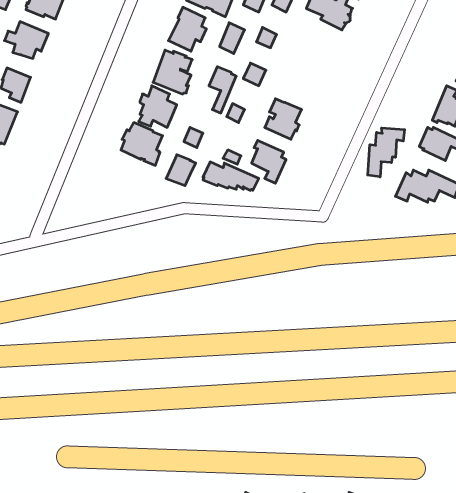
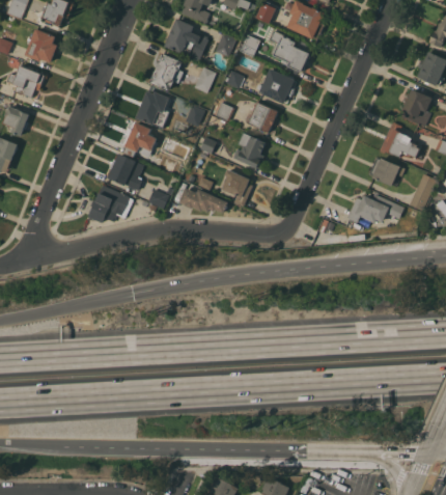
building: none -> [258,68,295,104]
building: none -> [248,100,278,133]
building: [368,128,405,177] -> none
building: none -> [88,185,130,223]

